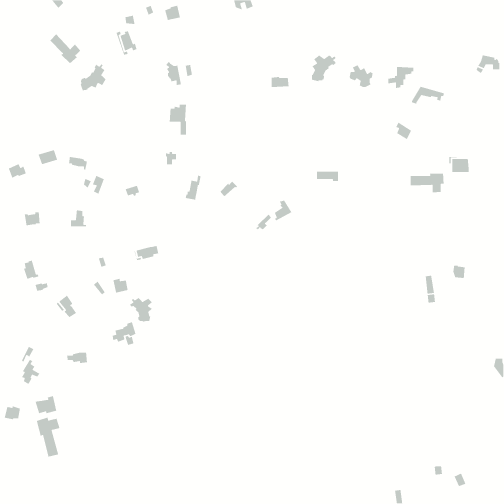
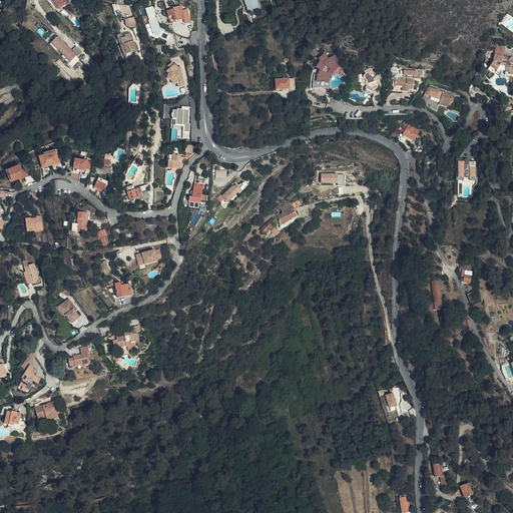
building: [79,63,107,91] -> none
building: [410,173,445,193] -> none
building: [129,297,153,323] -> none
building: [36,417,61,458] -> none

